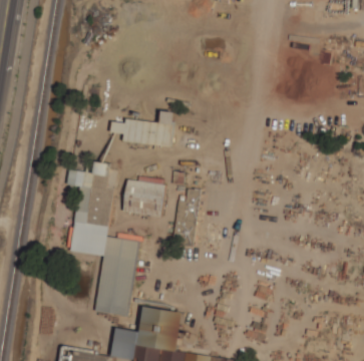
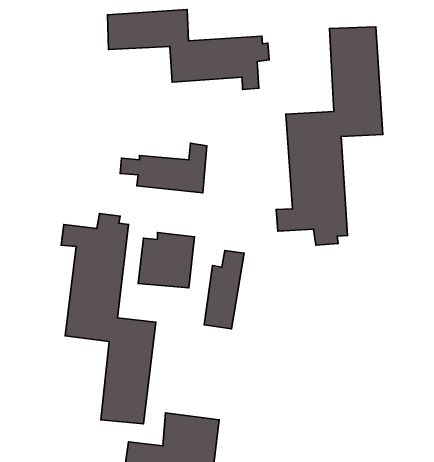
building: none -> [107,9,269,90]
building: none -> [276,27,383,245]

